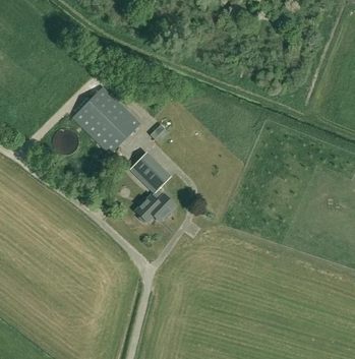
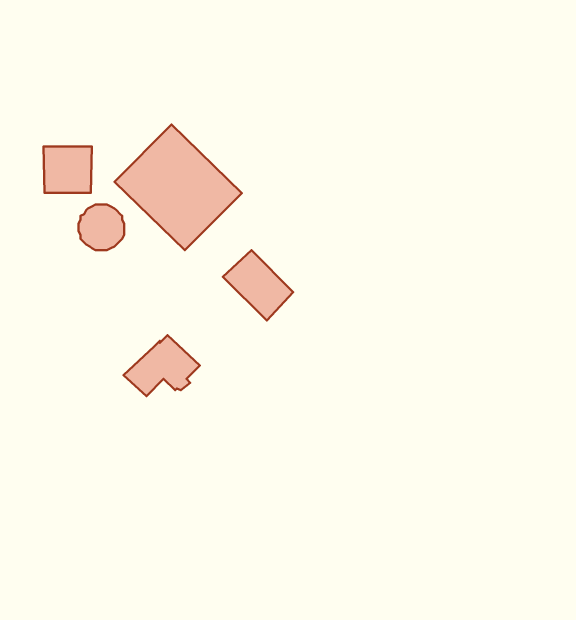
building: none -> [44,146,92,193]
building: [134,188,175,221] -> [124,335,200,396]

